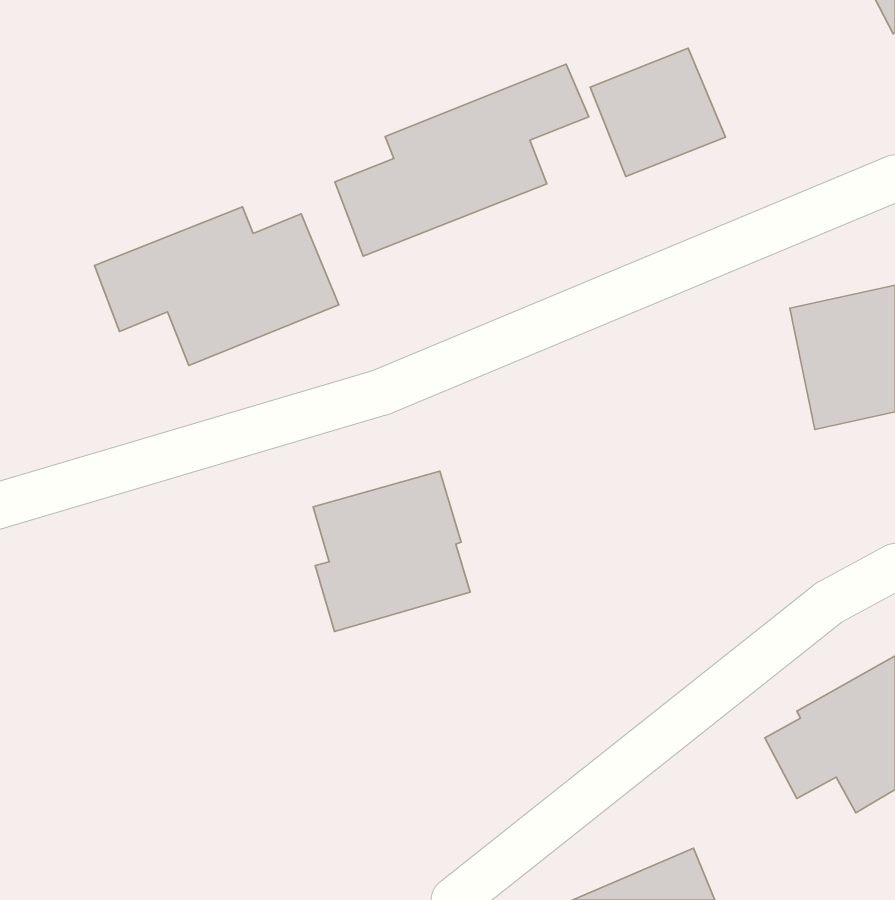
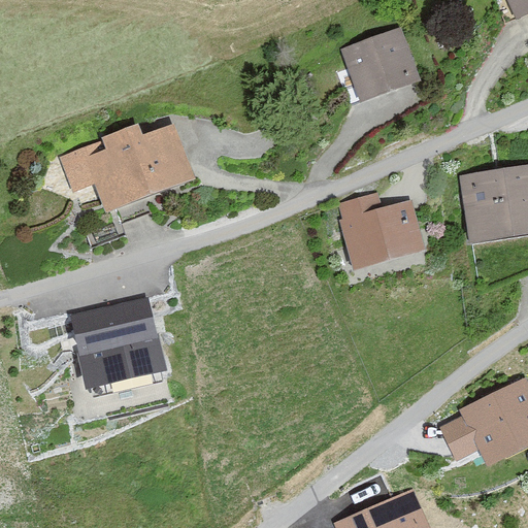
building: [335,64,589,256] -> none
building: none -> [339,193,427,274]
building: [313,471,470,631] -> [76,298,167,391]

